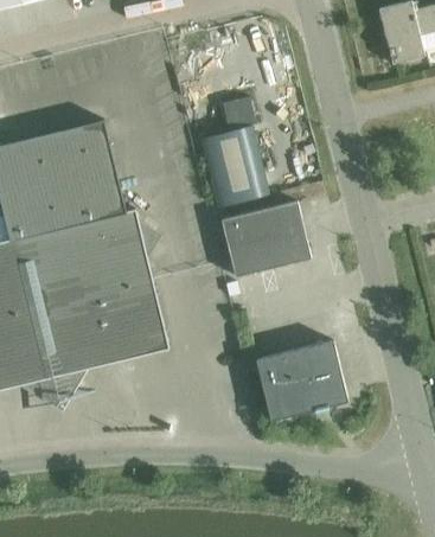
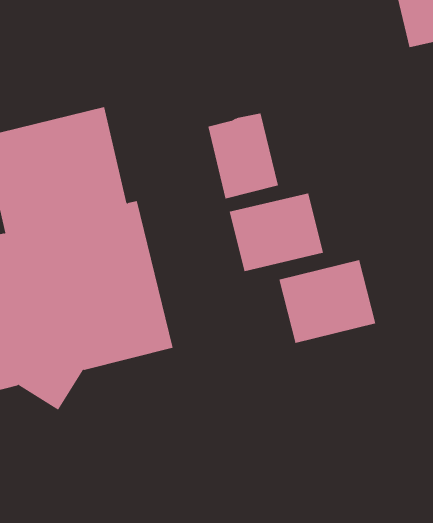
building: [223,97,255,130] -> none
building: [256,340,348,420] -> [279,260,376,343]

